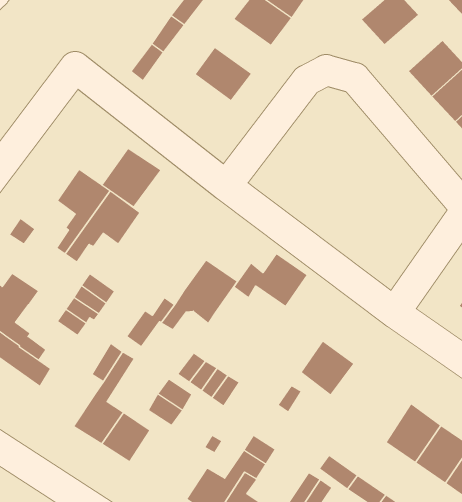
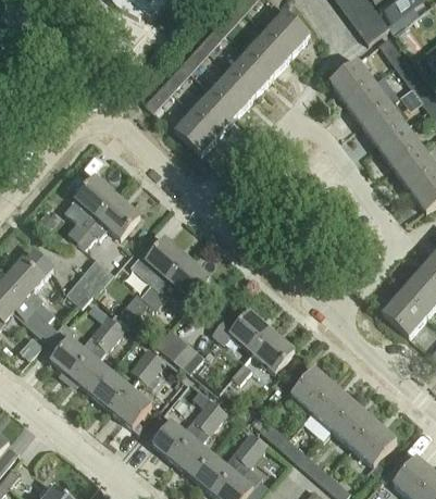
building: none -> [345,82,390,125]
building: none -> [211,70,256,114]
building: none -> [175,110,220,154]
building: [102,148,161,207] -> none
building: none -> [146,237,187,278]
building: [234,253,307,306] -> [213,310,272,352]
building: none -> [49,335,89,376]
building: none -> [291,367,336,414]
building: none -> [111,386,151,426]

